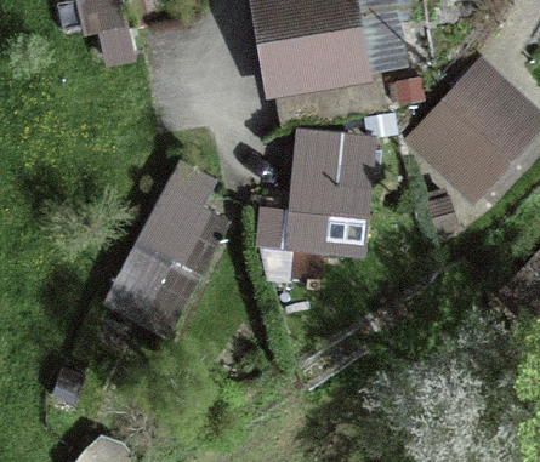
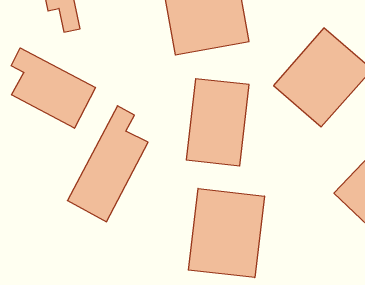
building: none -> [11,48,95,128]
building: none -> [188,188,264,278]

